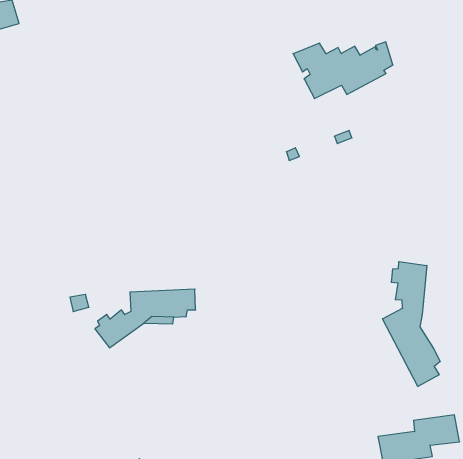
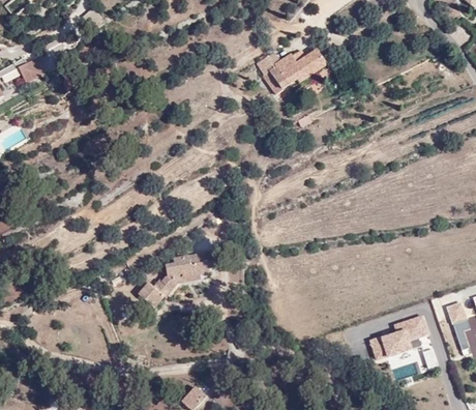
building: [382,262,440,386] -> none

